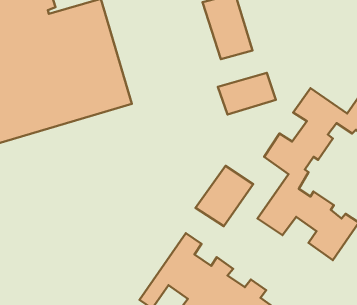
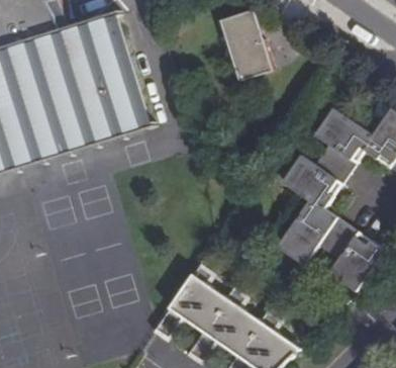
building: [218,73,276,115] -> none
building: [195,166,253,226] -> none

